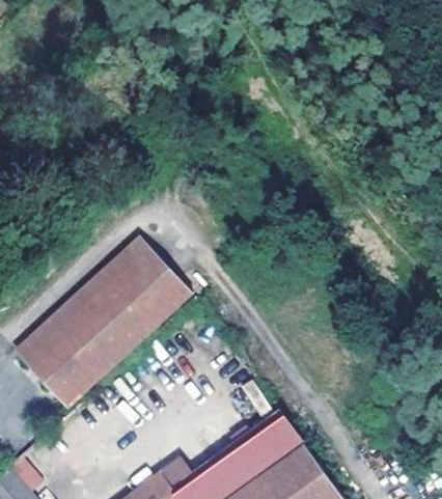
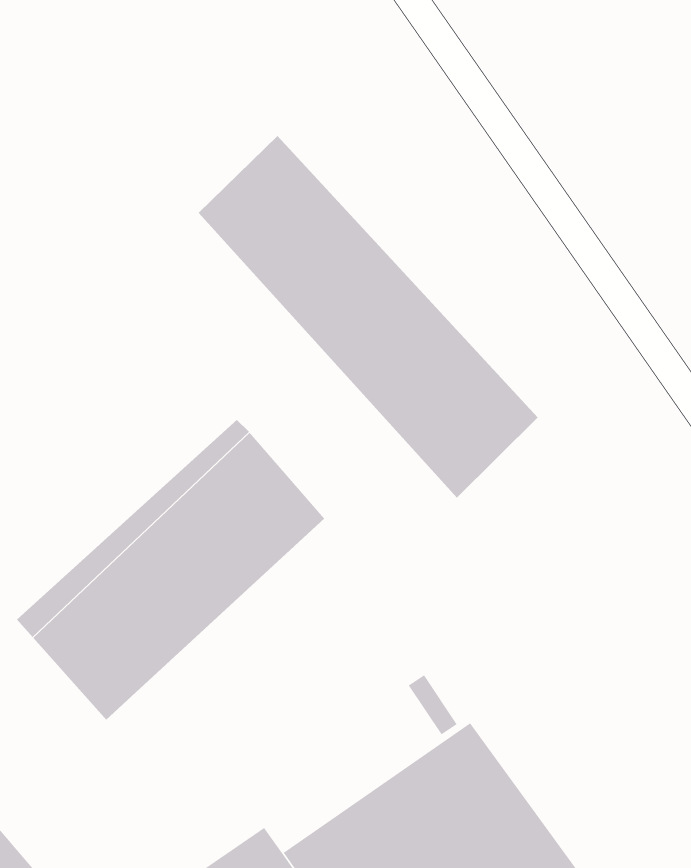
building: none -> [198,135,538,499]

